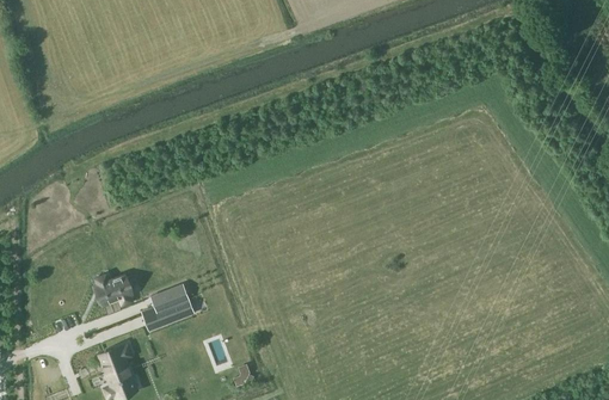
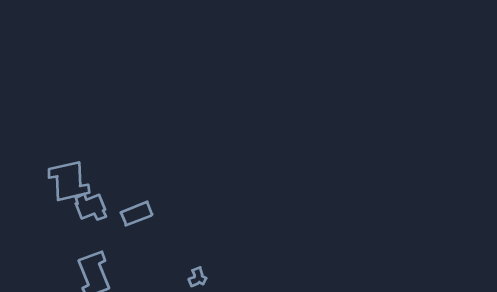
building: none -> [49,162,89,200]
building: [141,301,192,331] -> none

